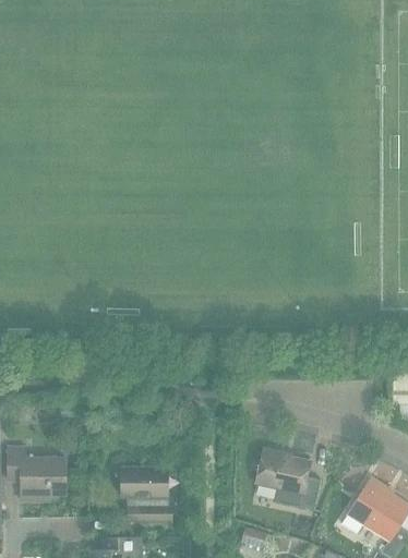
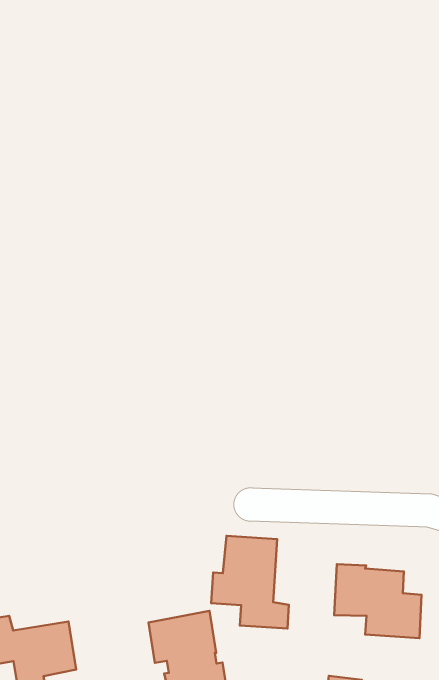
building: none -> [211,536,289,629]

